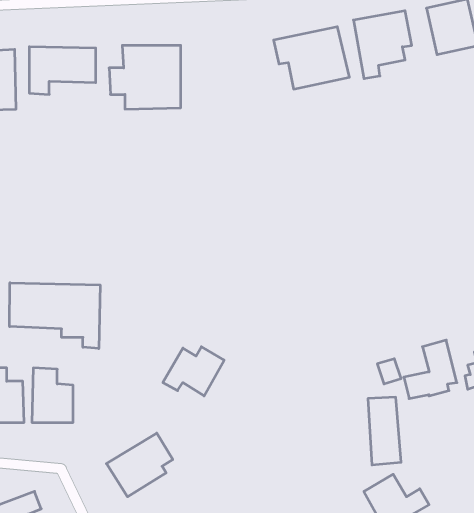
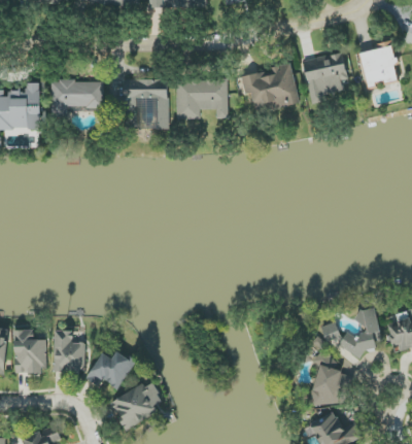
building: none -> [175,78,228,118]
building: [10,283,100,349] -> none
building: [163,347,224,396] -> [87,351,134,389]

